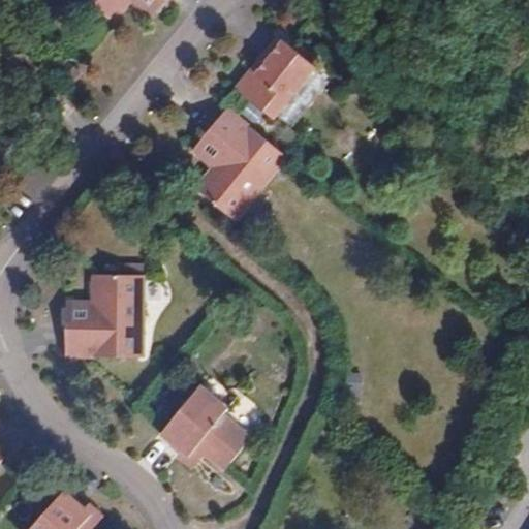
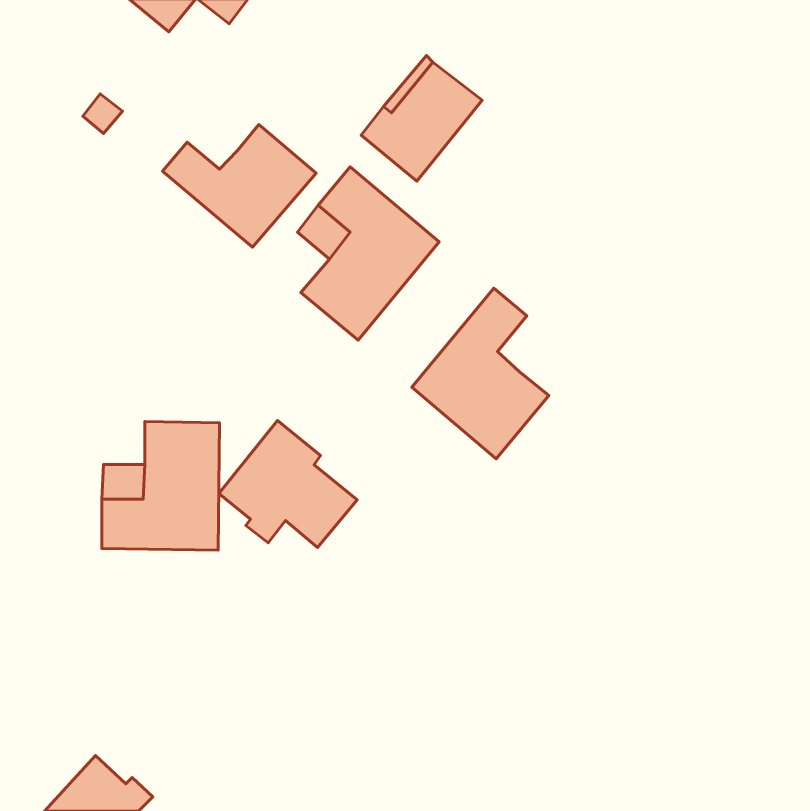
building: none -> [163,124,316,247]
building: none -> [412,288,549,459]
building: [159,386,249,469] -> [219,420,357,548]

